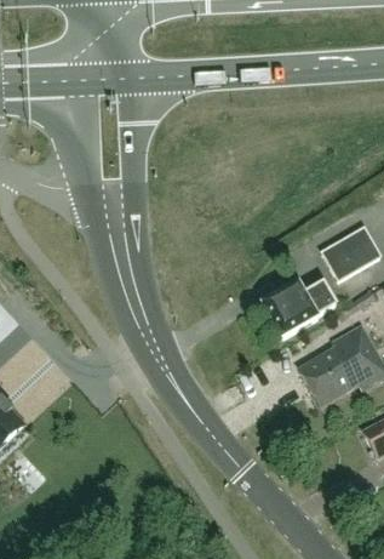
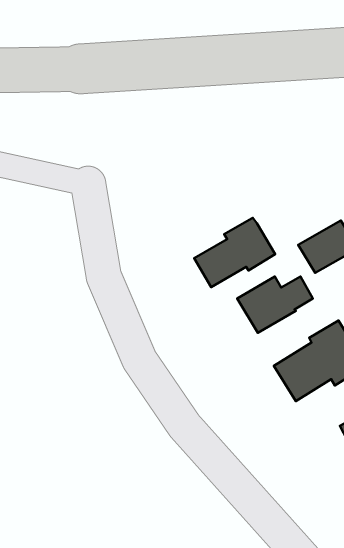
building: none -> [194,218,275,287]

